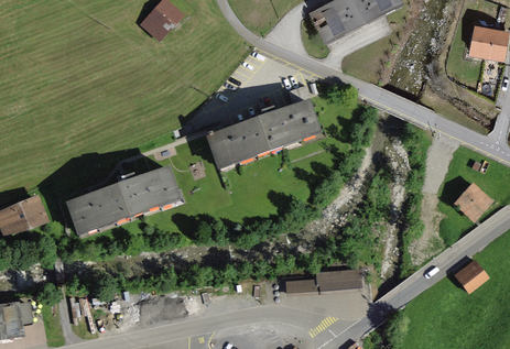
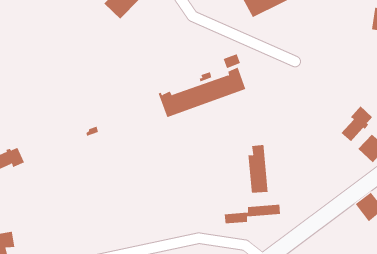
building: none -> [341,105,373,142]
building: [68,168,176,230] -> none
building: none -> [248,144,268,193]

